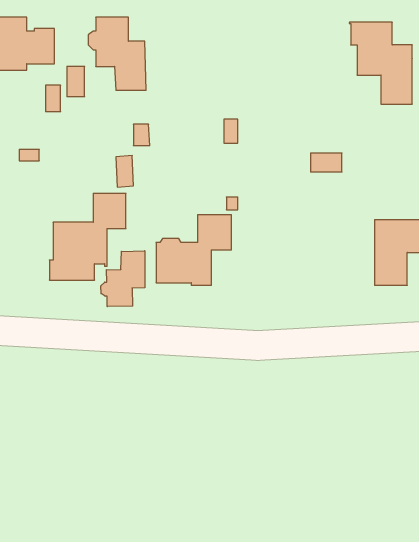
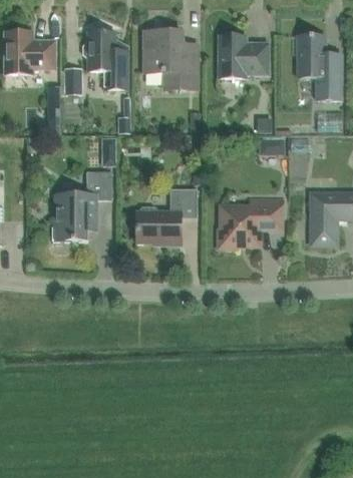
building: none -> [144,30,198,88]
building: none -> [218,34,269,76]
building: none -> [219,197,282,247]
building: [101,251,145,307] -> none

